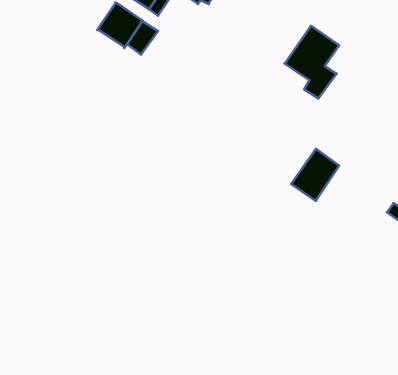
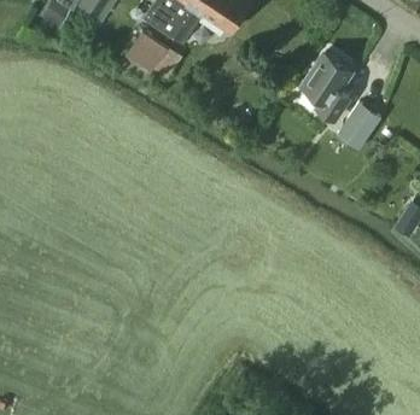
building: [291,149,339,201] -> [337,103,381,151]

